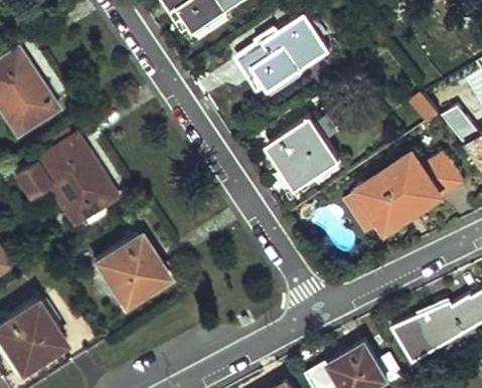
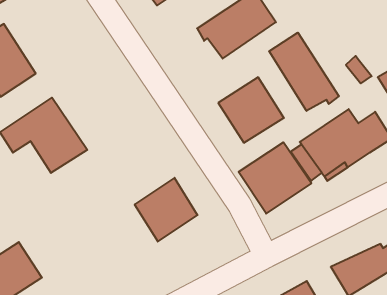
building: none -> [269,33,339,111]
building: none -> [239,142,311,214]
building: [96,233,167,306] -> [135,178,198,242]

